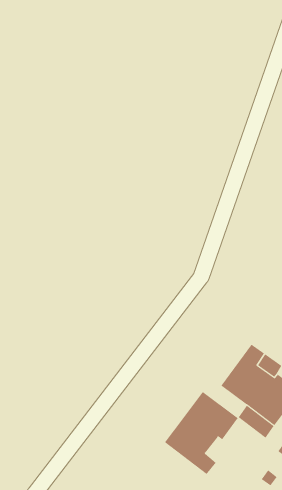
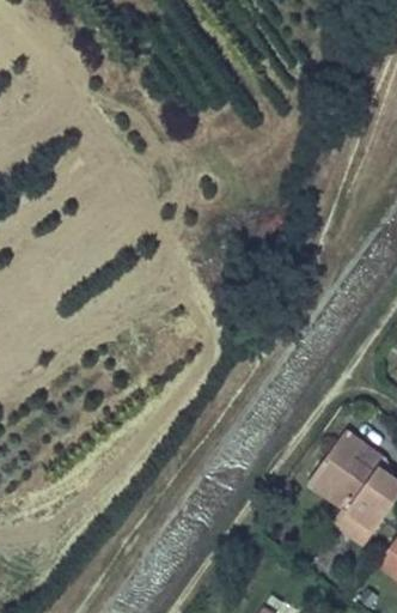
building: [164,391,239,475] -> none

